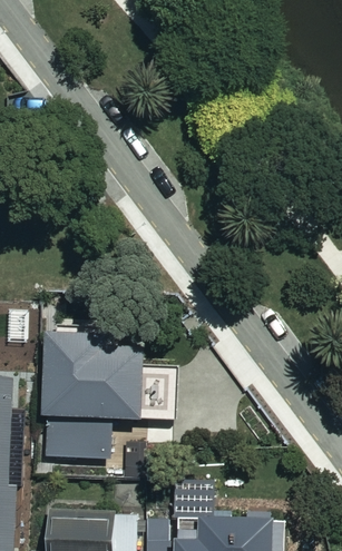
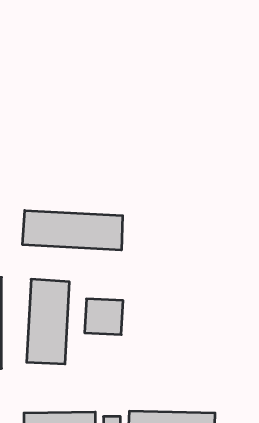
building: none -> [23,210,123,250]

